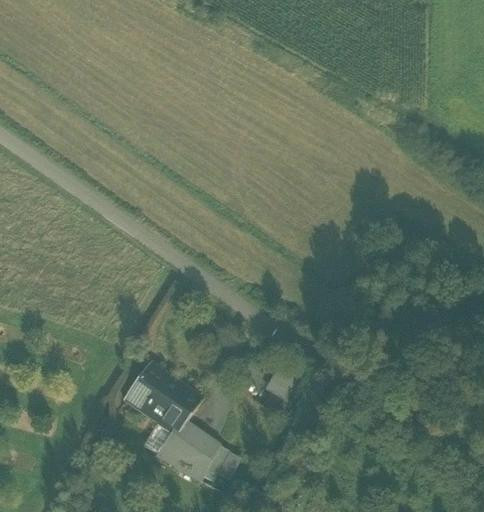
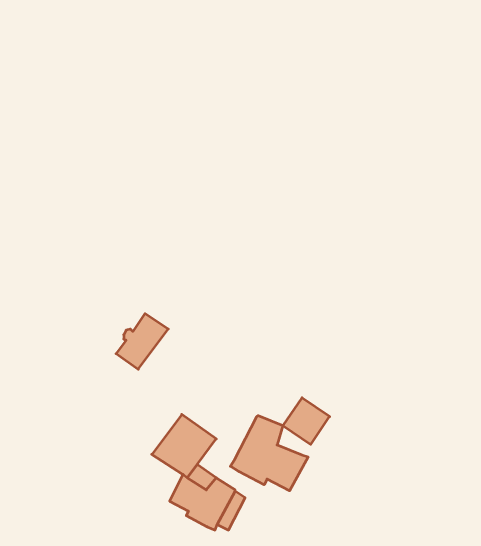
building: [123,364,170,414] -> [116,314,168,369]
building: none -> [230,416,308,491]

